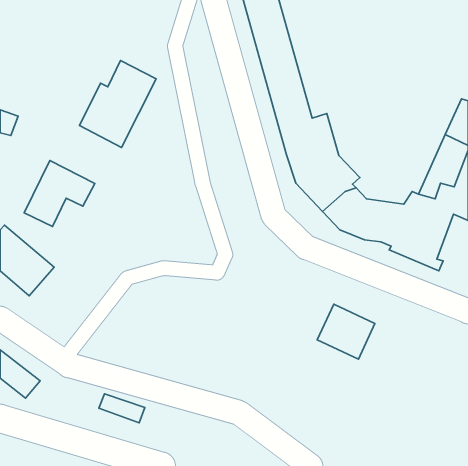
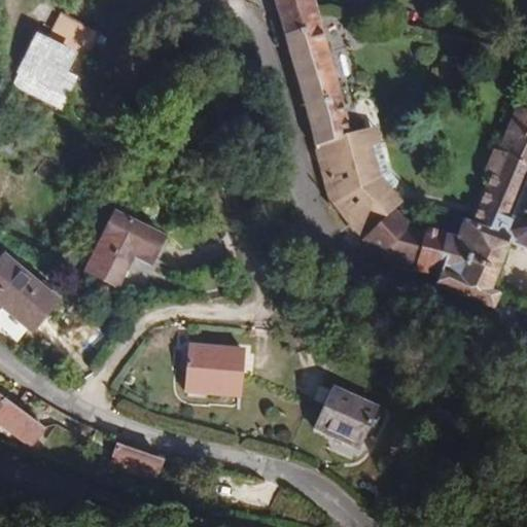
building: [79,60,156,147] -> [13,9,100,107]
building: [24,160,95,226] -> [86,211,166,285]
building: [317,304,375,359] -> [313,386,378,448]
building: none -> [184,344,245,394]

